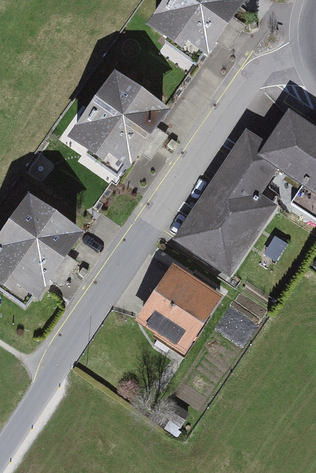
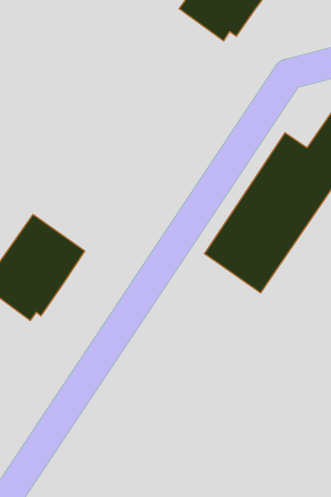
building: [78,77,160,161] -> none
building: [144,266,215,341] -> none

